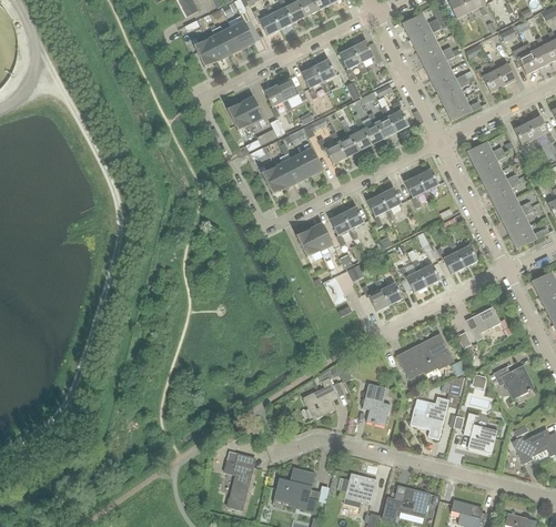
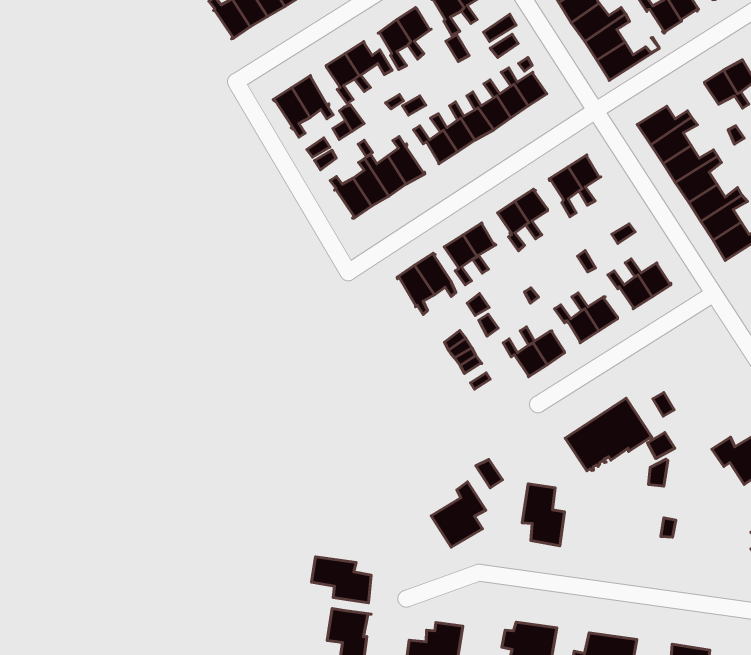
building: [471,305,501,339] -> none
building: [411,395,448,438] -> none
building: [464,412,497,452] -> none
building: none -> [312,557,371,603]

